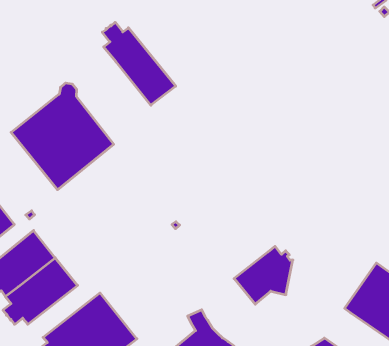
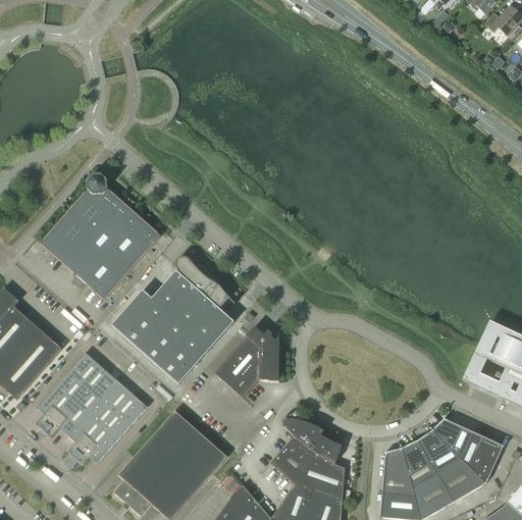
building: [102,22,176,105] -> none
building: none -> [112,254,234,384]
building: [234,246,293,304] -> [214,326,278,398]

